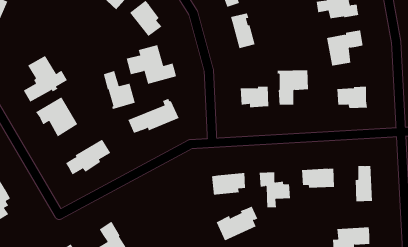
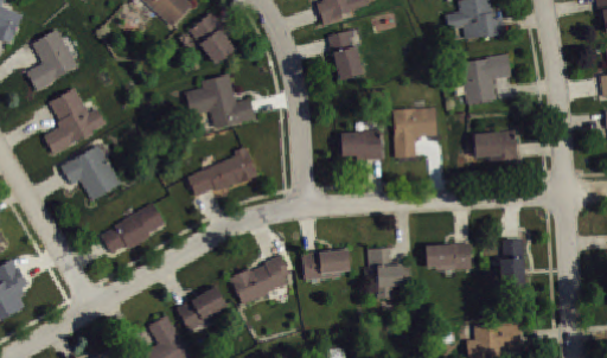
building: none -> [26,28,78,89]
building: [103,70,135,110] -> none
building: none -> [177,287,226,331]
building: [216,206,258,241] -> [231,255,289,303]

